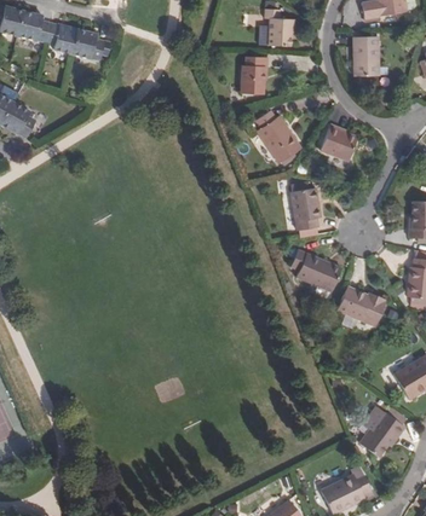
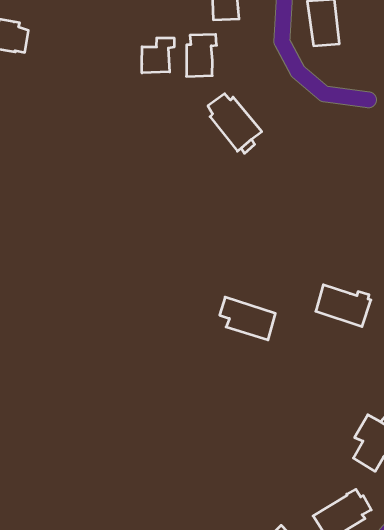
building: none -> [142,38,174,73]
building: [322,124,357,161] -> none
building: [290,187,321,230] -> none
building: [292,250,341,291] -> [220,297,275,340]

